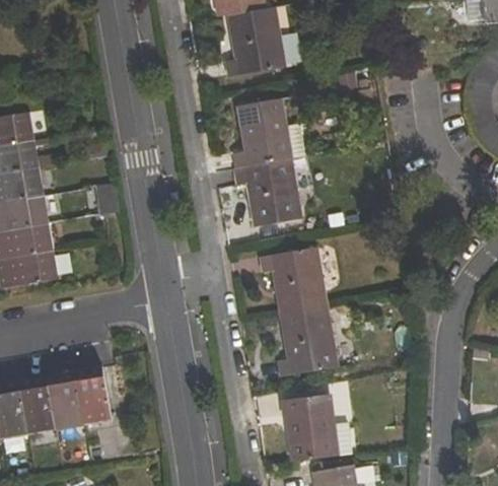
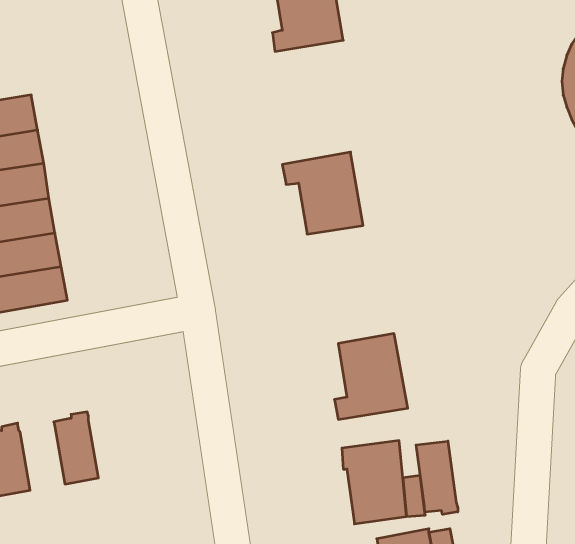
building: [233,99,291,168] -> none
building: [261,248,327,315] -> none
building: [77,365,113,424] -> none
building: [20,375,58,434] -> none
building: none -> [416,441,458,514]

